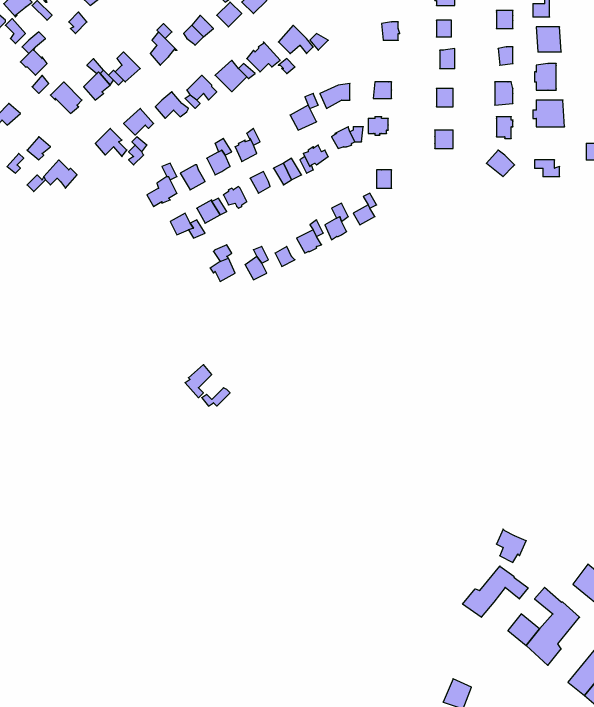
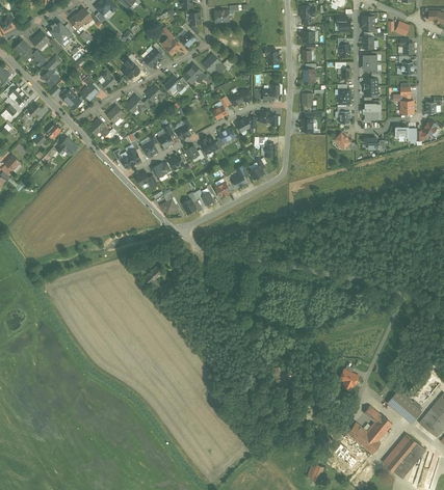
building: [463,566,528,617] -> none

